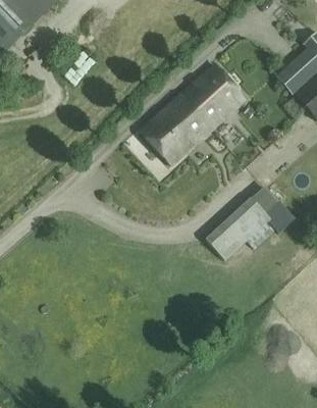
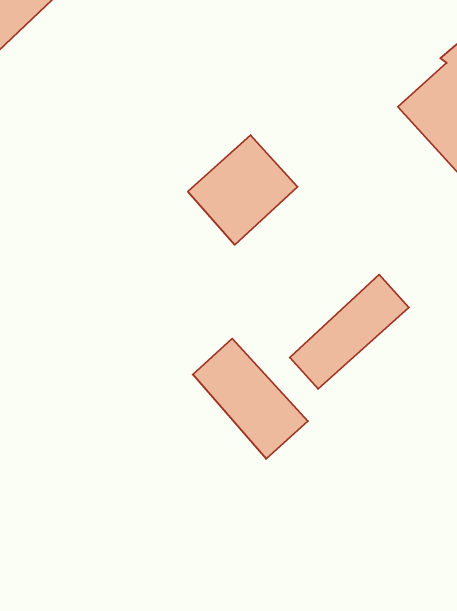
building: [180,64,244,129] -> none
building: none -> [193,339,308,459]

